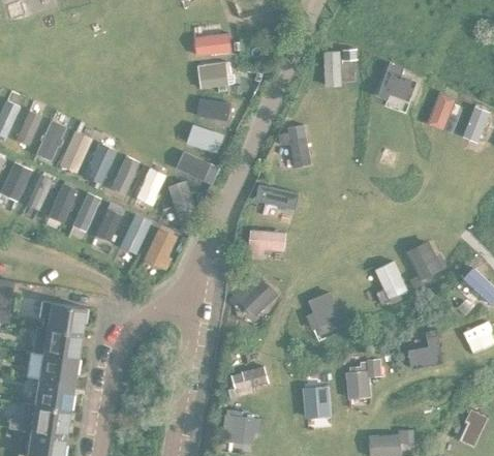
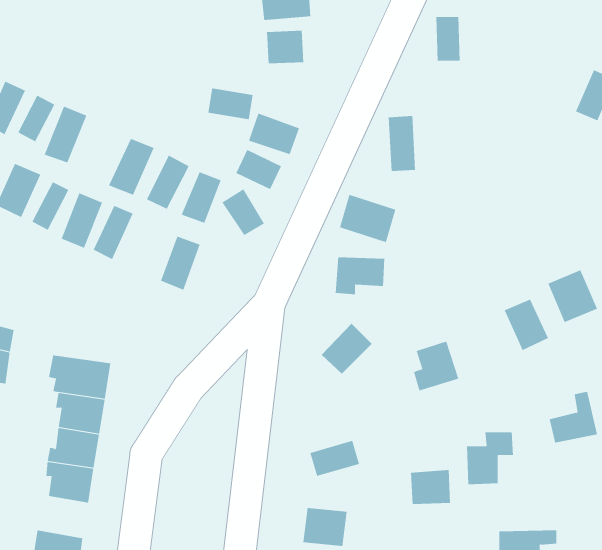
building: [379,62,415,102] -> none
building: [196,97,230,121] -> [207,88,254,120]
building: [58,130,91,173] -> none
building: [96,203,123,241] -> none
building: [143,226,178,269] -> none
building: [6,404,67,437] -> none

